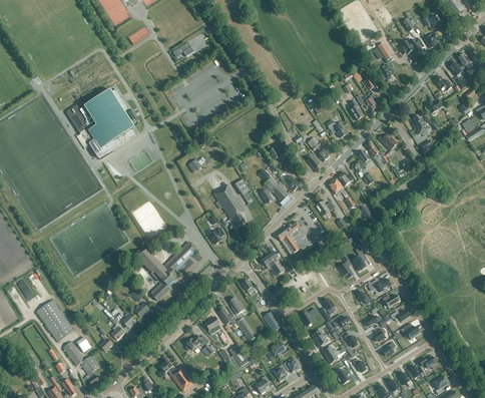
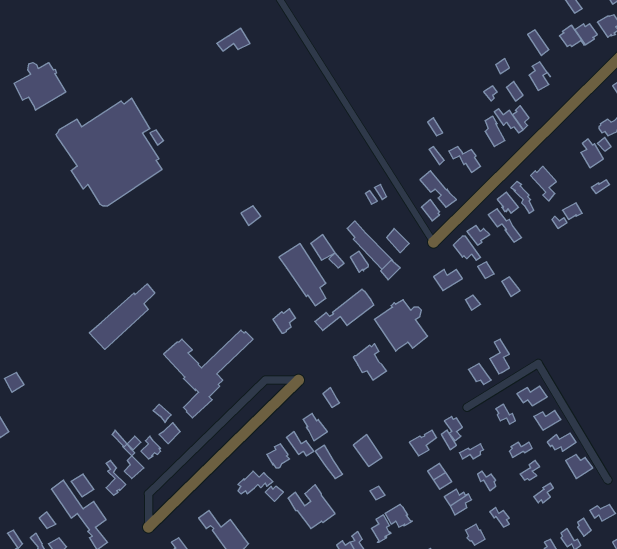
building: none -> [14,63,66,110]
building: none -> [89,284,155,349]
building: none -> [315,289,374,331]
building: [36,300,74,341] -> none

